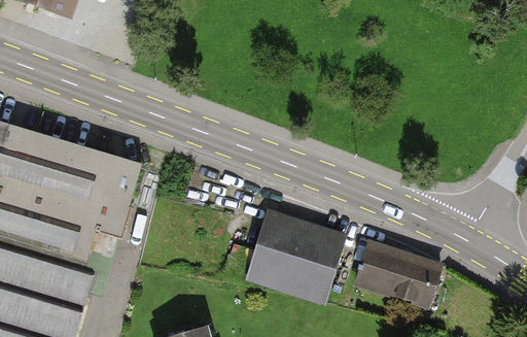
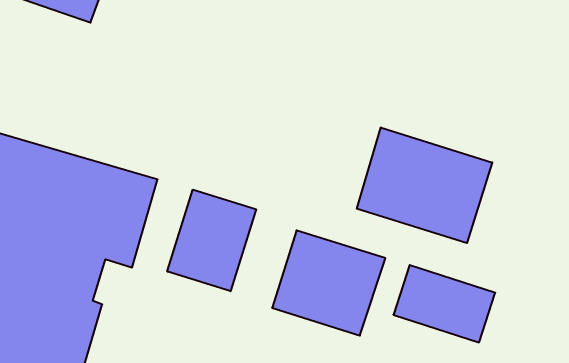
building: none -> [357,127,492,243]
building: none -> [167,190,256,291]

